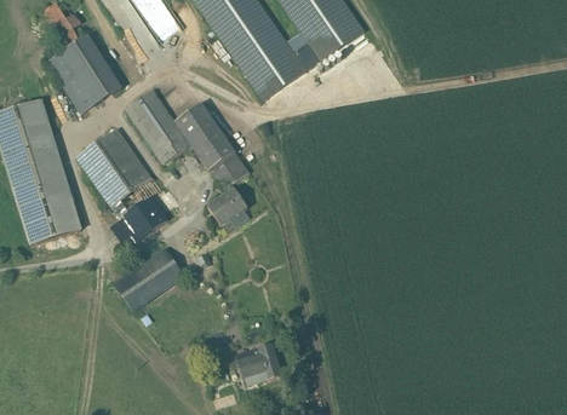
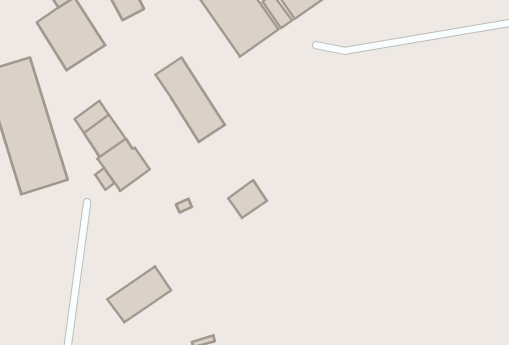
building: [125,90,190,163] -> none
building: [79,127,153,186] -> none
building: [206,185,247,225] -> [228,180,267,218]
building: [114,250,182,310] -> [107,266,171,322]
building: [235,341,284,386] -> none

